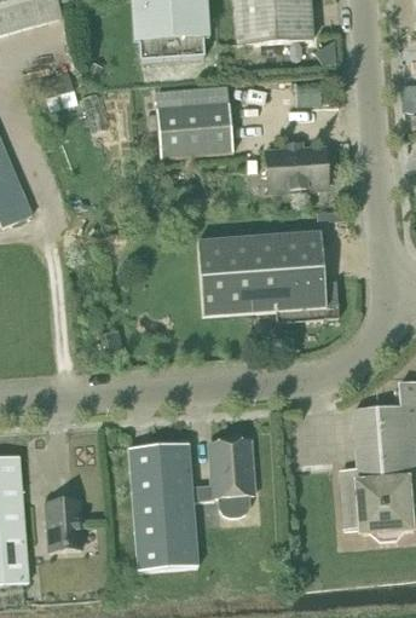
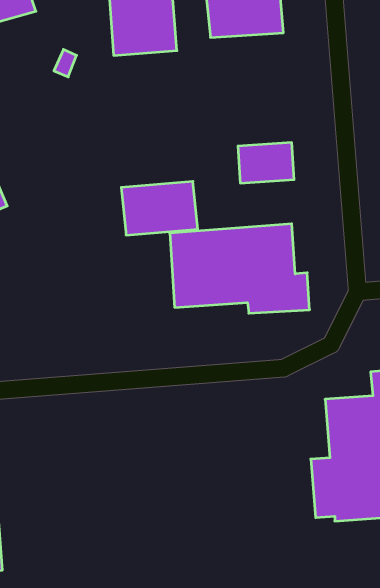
building: [155,102,232,156] -> [121,181,198,235]
building: [127,438,253,568] -> none
building: [45,498,80,549] -> none

